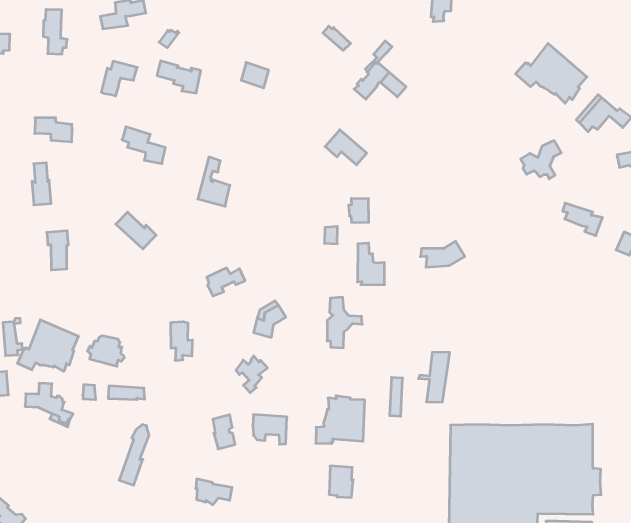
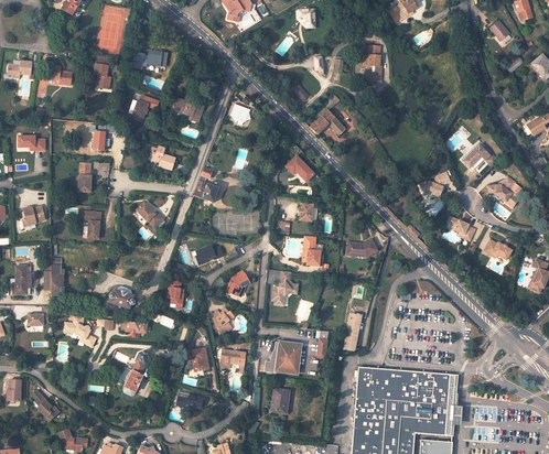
building: [516,43,587,103] -> none
building: [17,320,78,371] -> none

